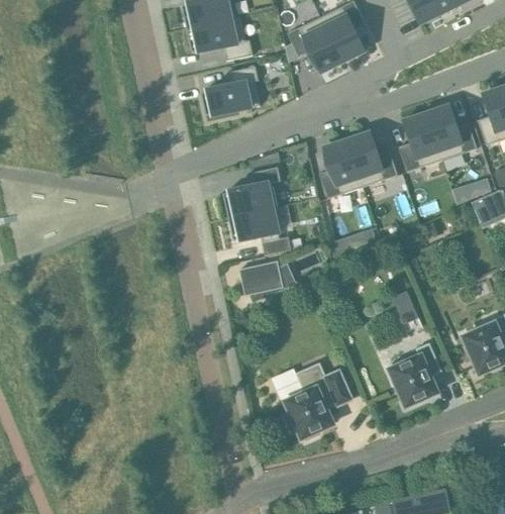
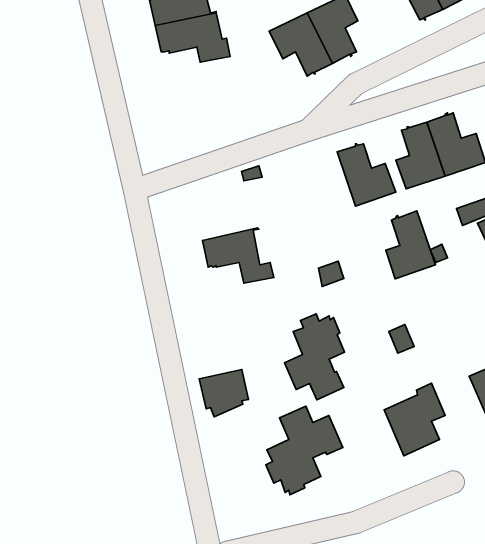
building: [201,66,260,116] -> none
building: [319,139,363,199] -> [386,211,435,279]
building: [223,167,281,217] -> none
building: [239,261,283,302] -> [199,370,249,417]
building: none -> [284,314,345,400]

